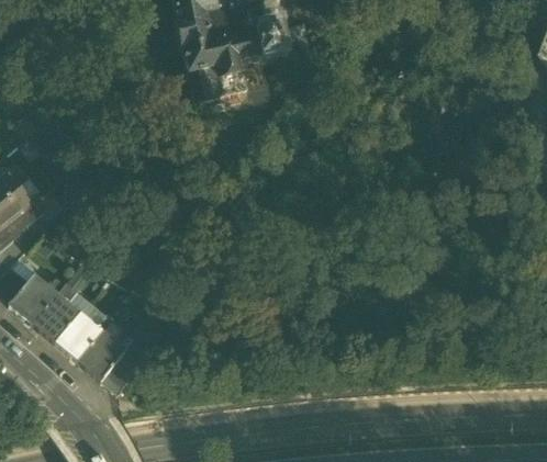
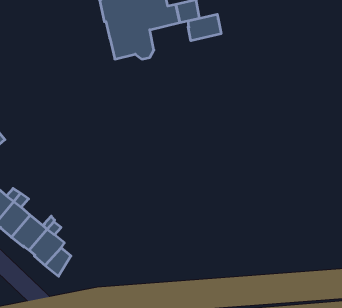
building: none -> [188,14,221,41]

